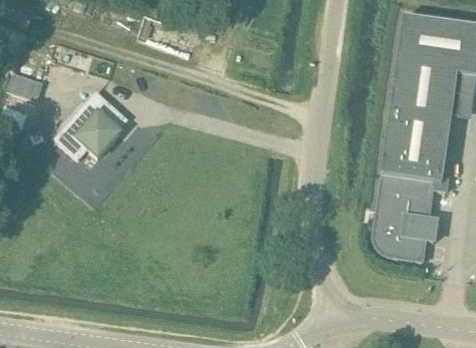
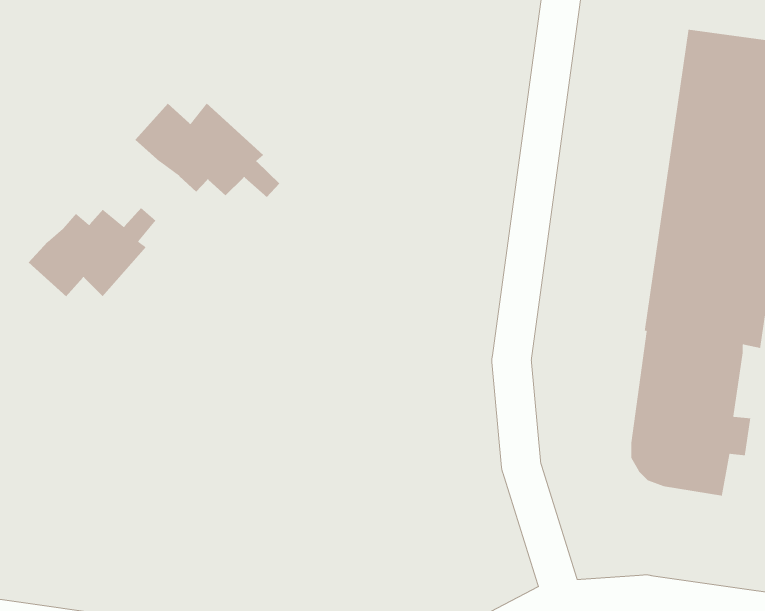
building: none -> [134,102,280,198]

